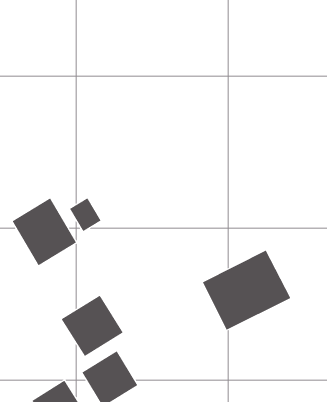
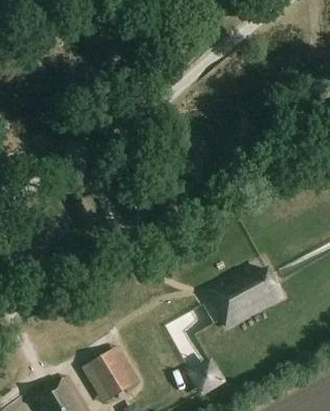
building: [12,198,77,266] -> none
building: [61,295,124,357] -> none

